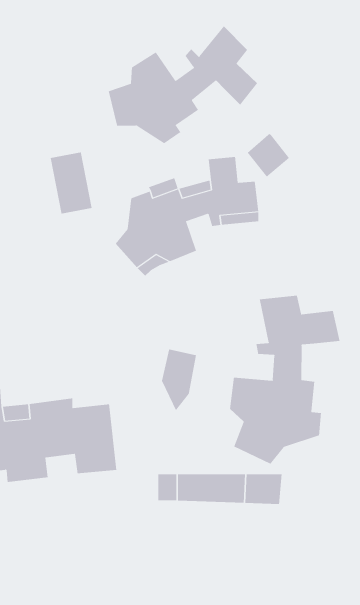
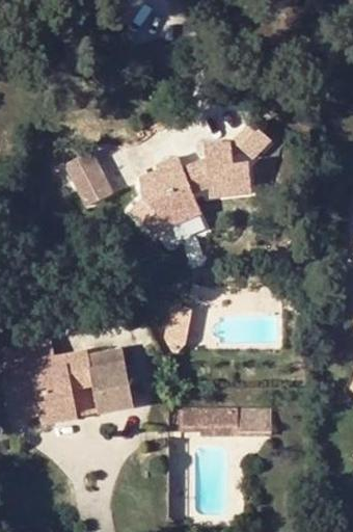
building: [108,25,258,144] -> none
building: [230,295,340,465] -> none

